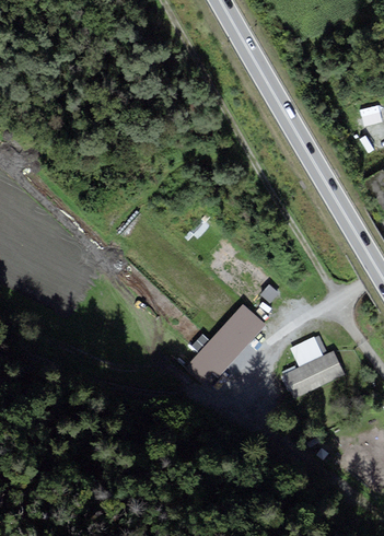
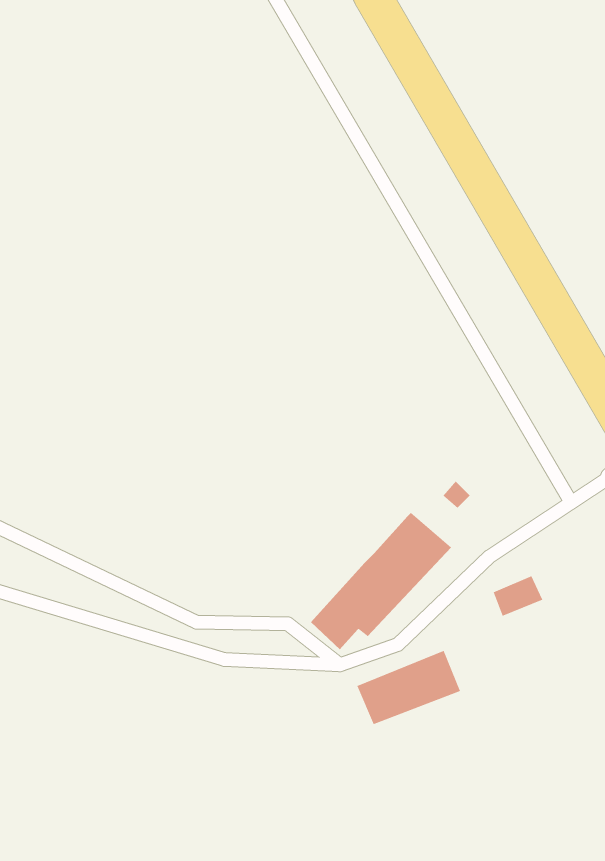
building: [283,352,345,396] -> [357,650,461,725]

